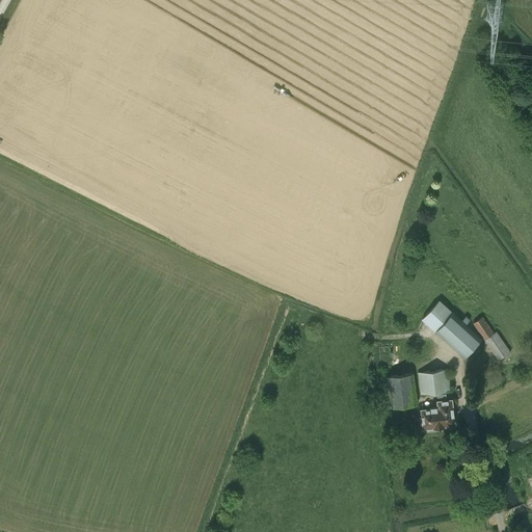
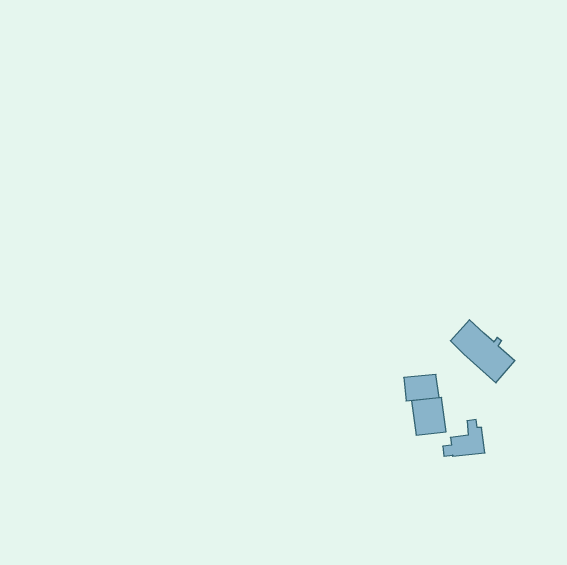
building: [472,318,510,363] -> none
building: [418,371,451,396] -> [404,374,439,401]

